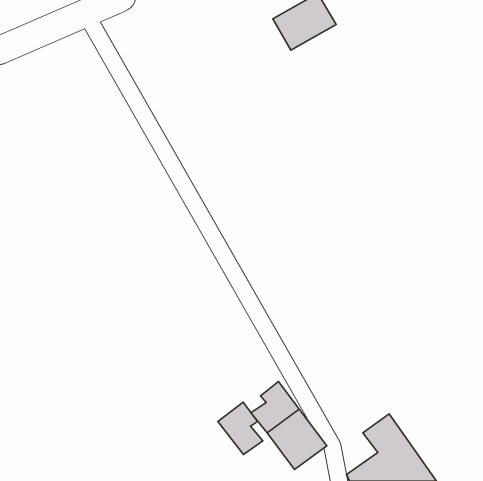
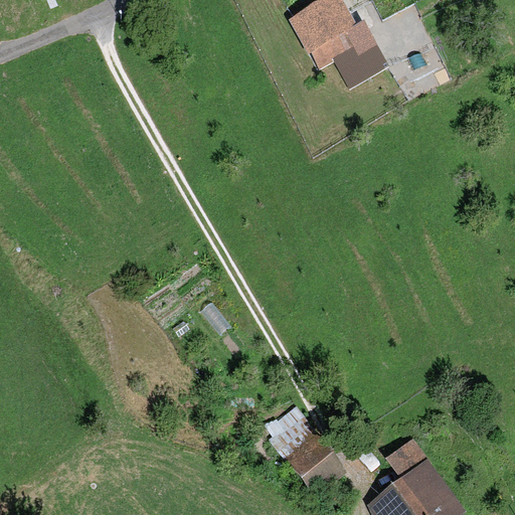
building: none -> [309,22,388,89]
building: [218,402,263,455] -> none

